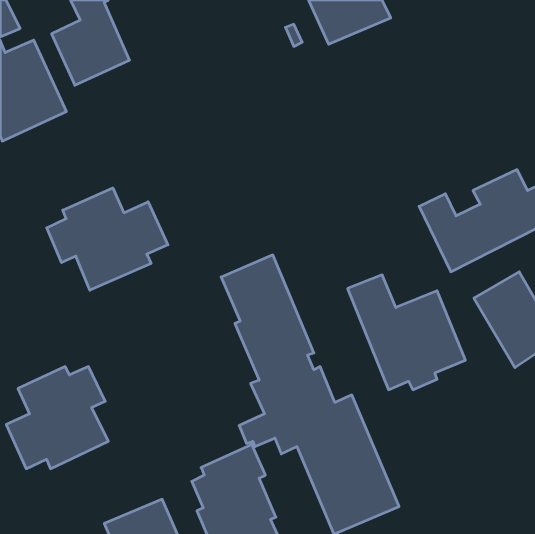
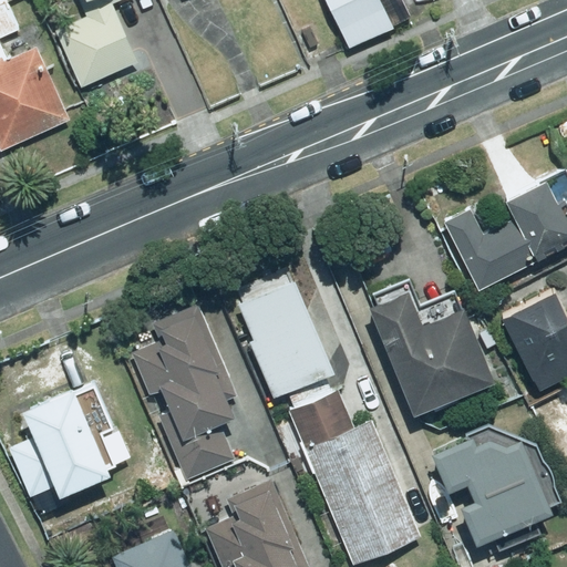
building: [47,188,168,290] -> none
building: none -> [133,308,235,481]
building: none -> [431,433,547,542]

